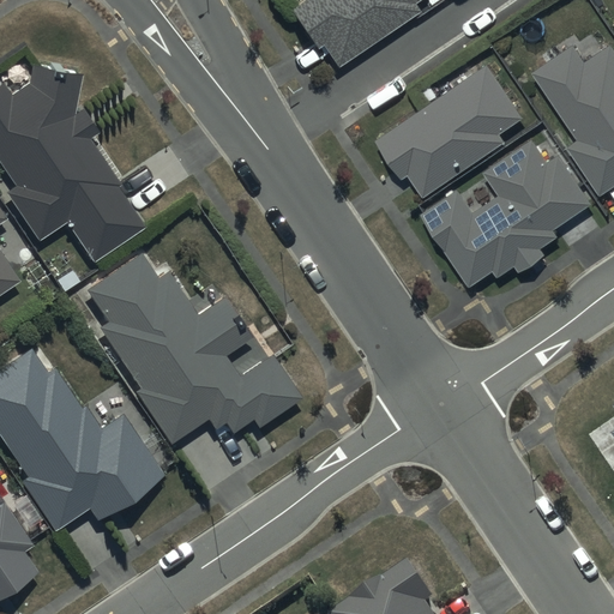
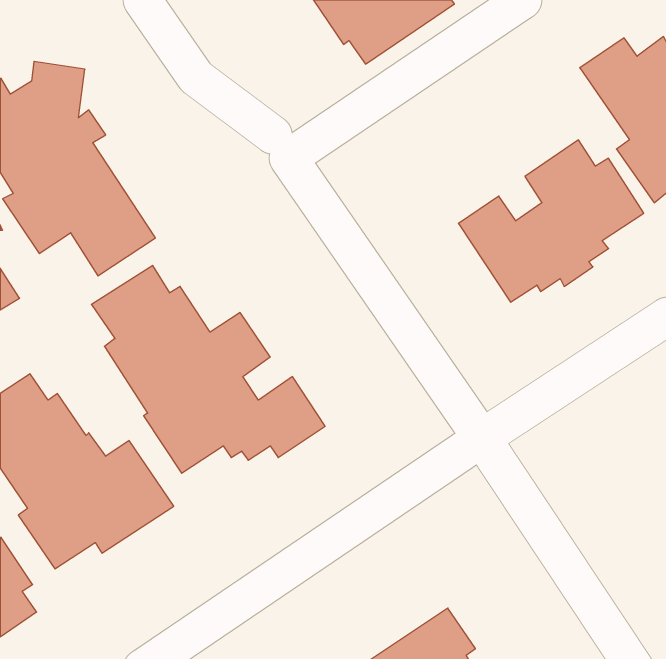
building: [378,64,523,195] -> none

